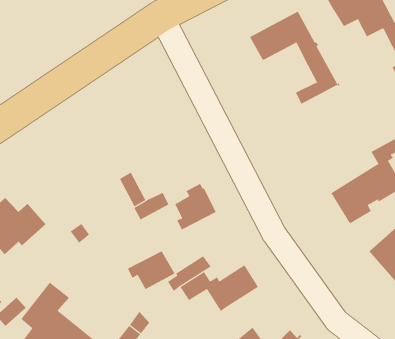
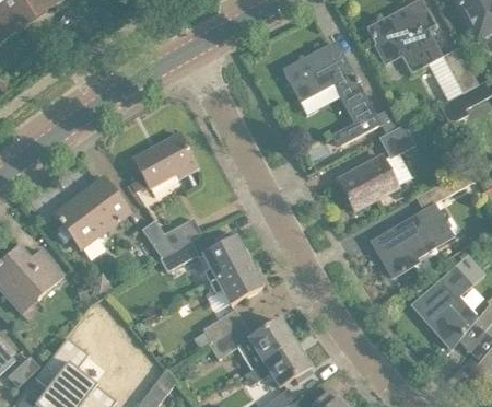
building: none -> [337,125,412,210]
building: none -> [134,132,197,187]
building: none -> [52,176,128,258]
building: none -> [162,218,200,249]
building: [127,250,175,290] -> [209,263,261,305]
building: none -> [257,344,312,387]

